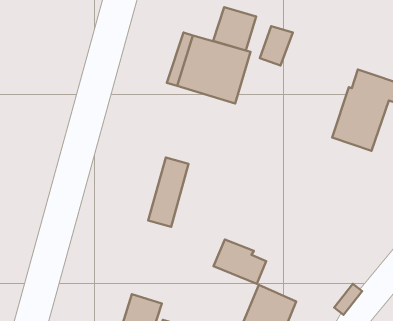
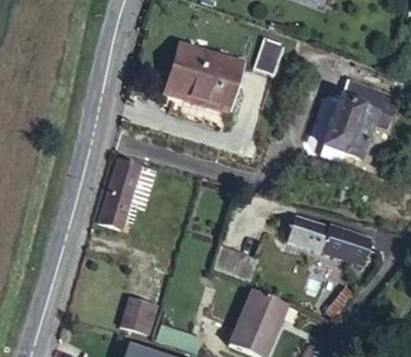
building: [213,7,256,51] -> none
building: [148,158,189,227] -> [101,161,140,228]
building: none -> [289,216,371,263]

